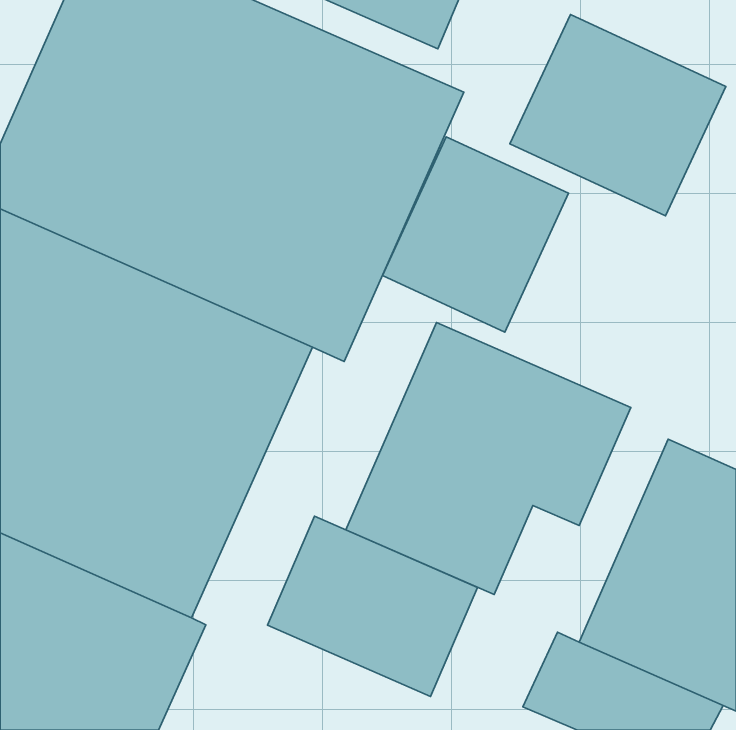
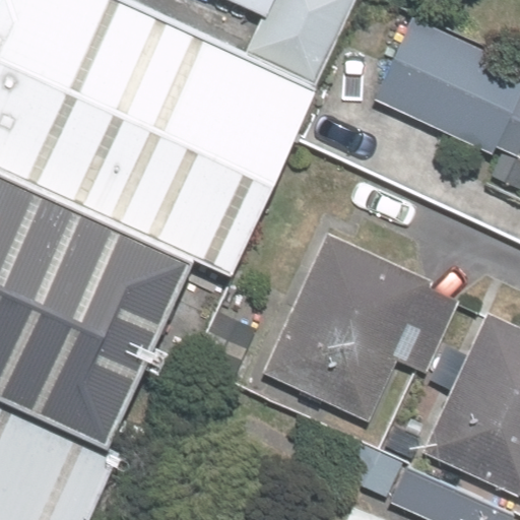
building: [382,137,569,332] -> none
building: [267,516,478,697] -> none

